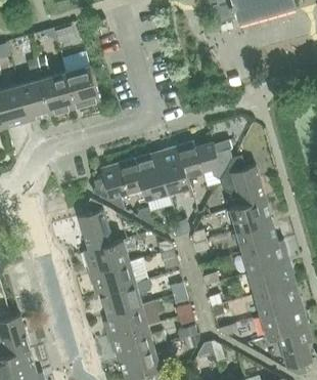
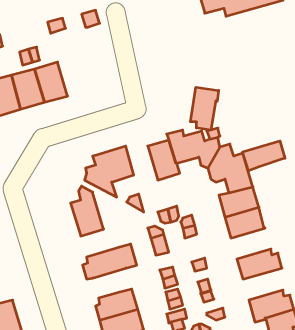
building: [65,65,100,107] -> none
building: none -> [190,87,219,130]
building: none -> [243,141,285,171]
building: [135,154,168,199] -> none
building: [83,240,129,271] -> none
building: [242,240,287,273] -> none
building: [101,280,149,313] -> none
building: [255,283,299,315] -> none

